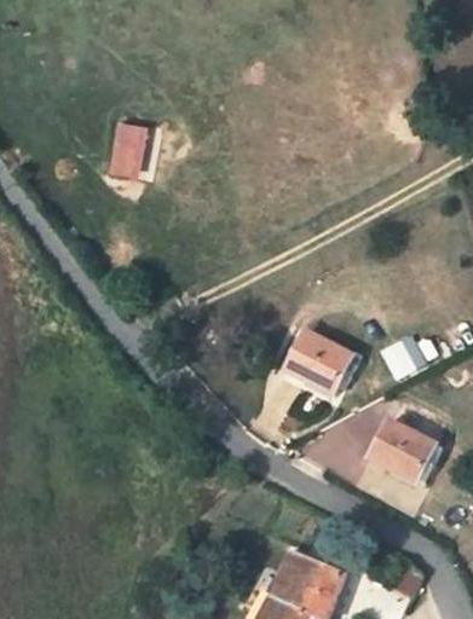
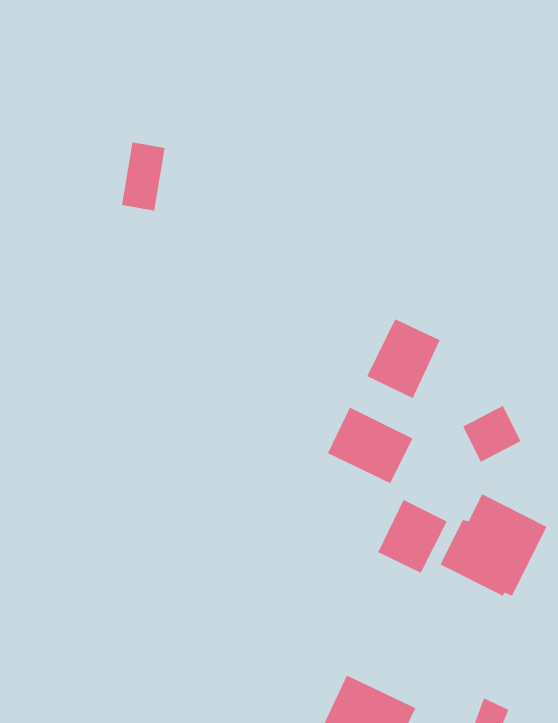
building: none -> [366,318,441,399]
building: none -> [377,499,448,574]

